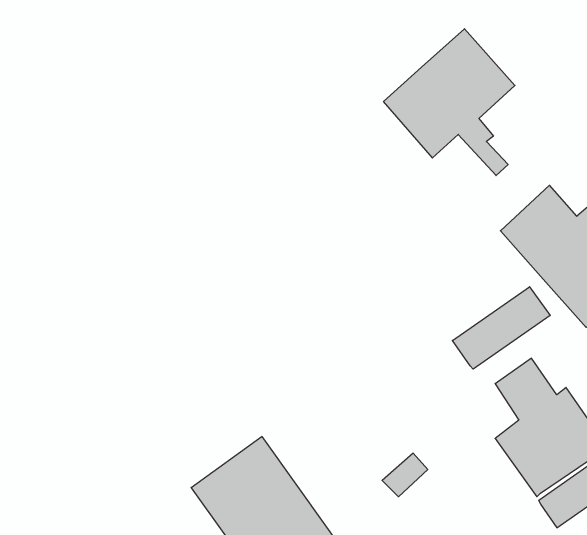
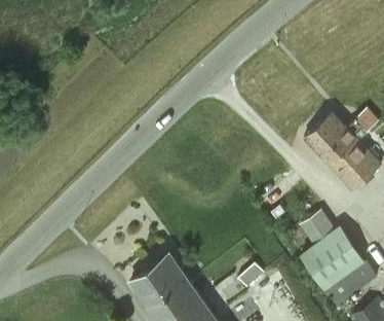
building: [384,29,515,176] -> none
building: [452,287,550,369] -> none

